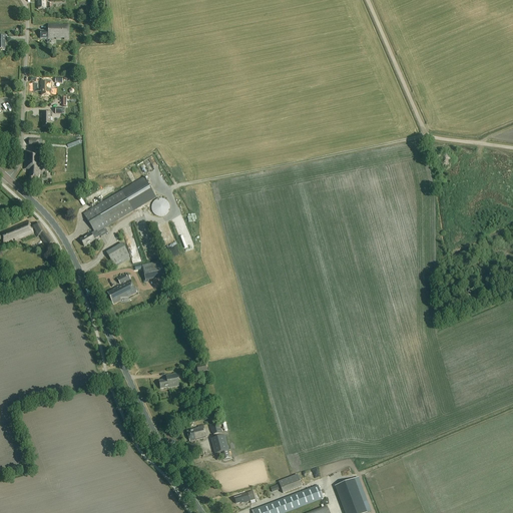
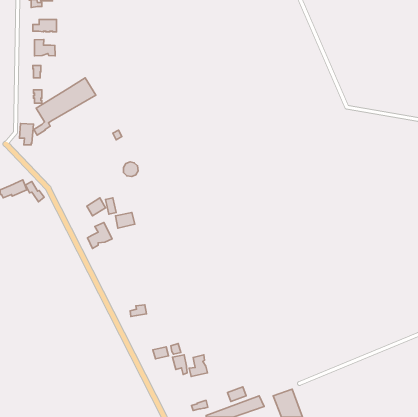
building: none -> [35,39,55,56]
building: [80,176,156,246] -> [34,78,96,135]
building: none -> [189,355,208,376]

